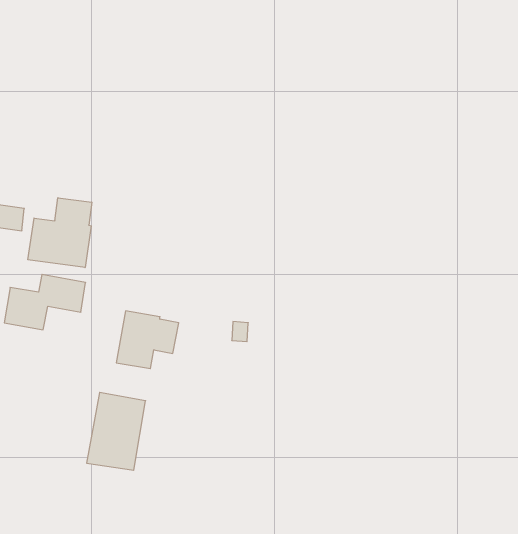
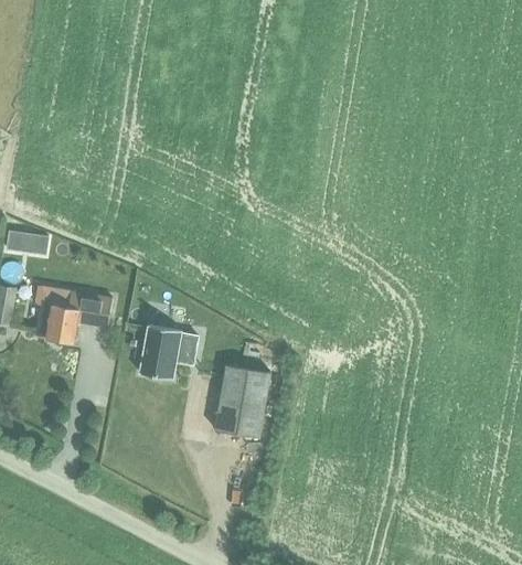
building: [28,198,92,268] -> none
building: [87,392,146,470] -> [214,365,269,438]

